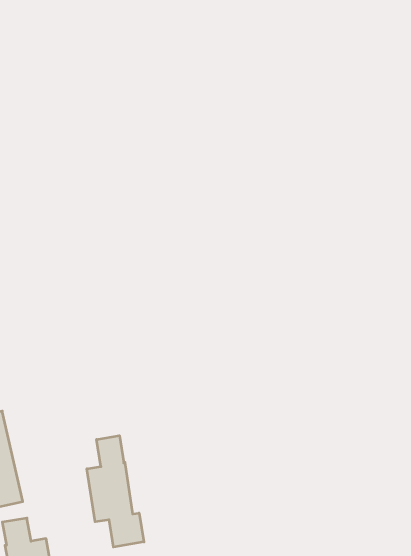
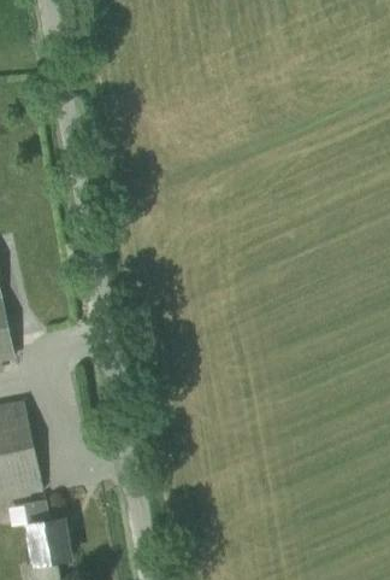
building: [87,436,144,547] -> none

